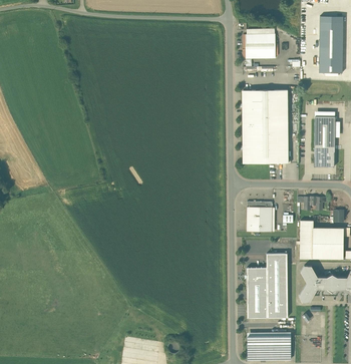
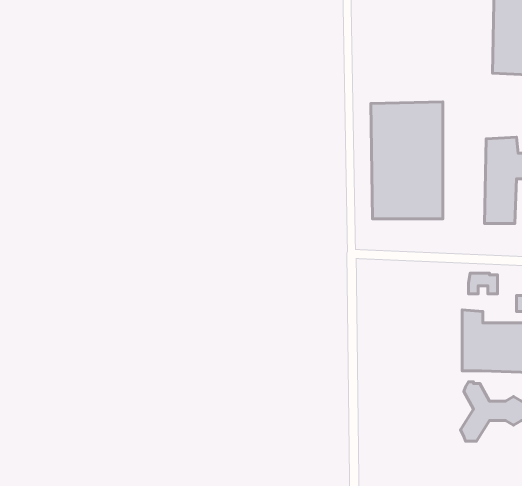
building: [246,34,275,58] -> none
building: [247,207,272,232] -> none
building: [247,253,288,317] -> none

